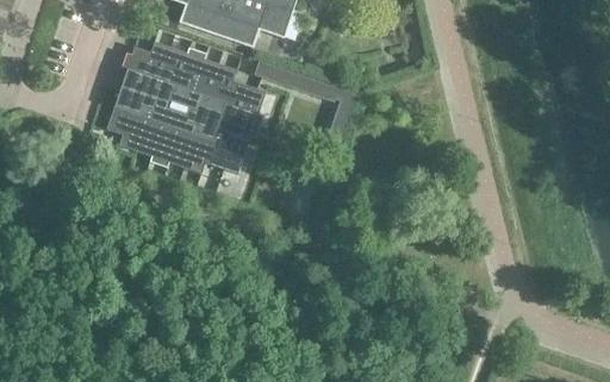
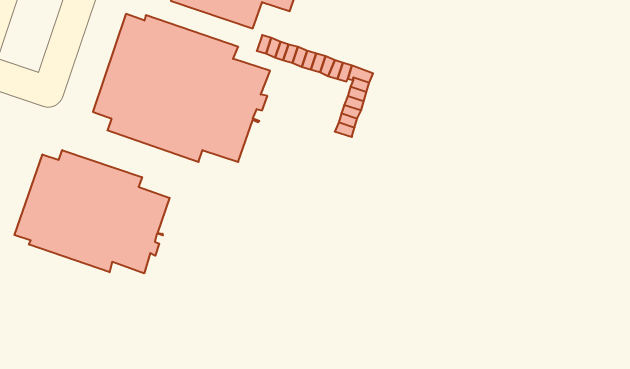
building: none -> [14,150,170,273]

